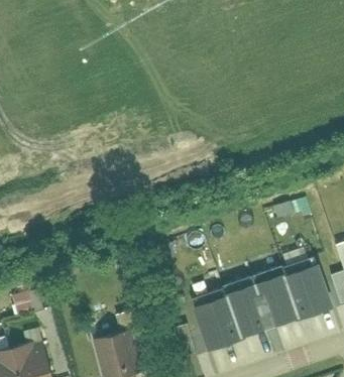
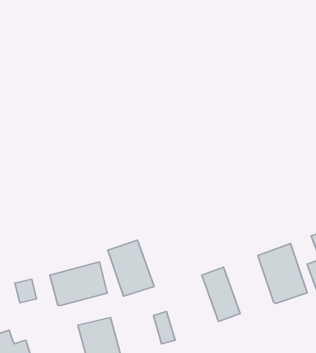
building: [244,269,296,329] -> none
building: none -> [50,262,107,306]
building: [192,289,239,347] -> [108,240,154,296]

